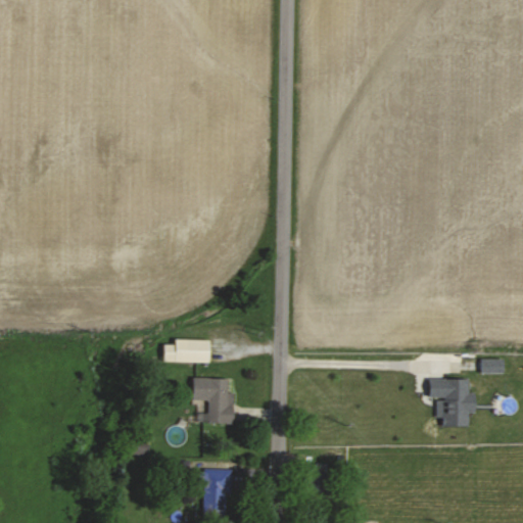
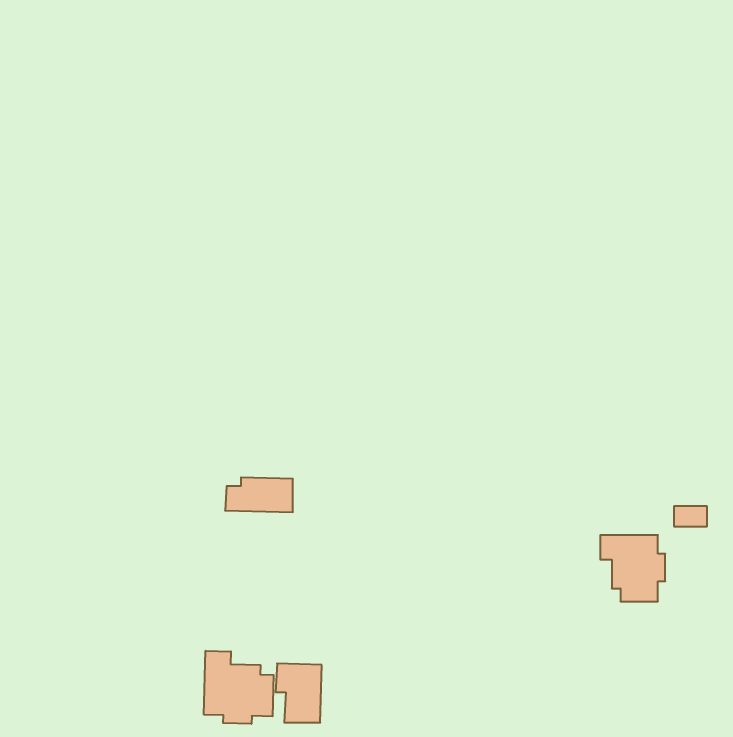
building: [192,378,237,424] -> none
building: none -> [204,651,274,724]

